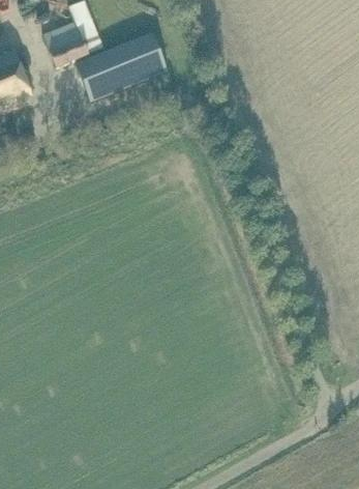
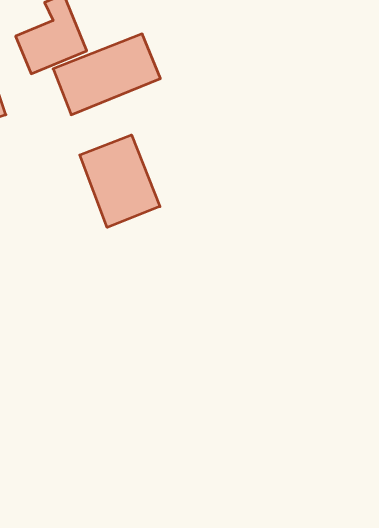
building: none -> [80,135,160,227]

